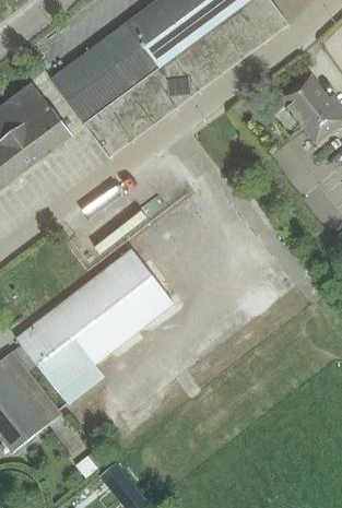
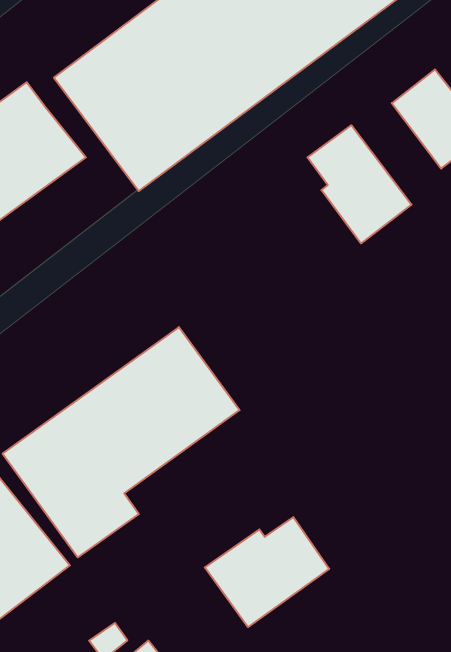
building: none -> [307,125,412,243]
building: none -> [205,517,329,627]

